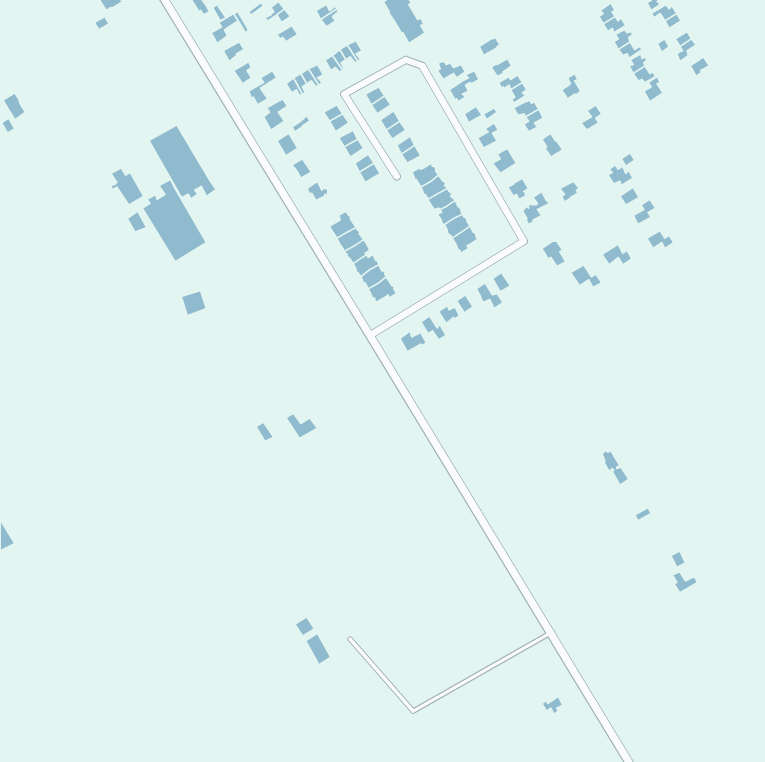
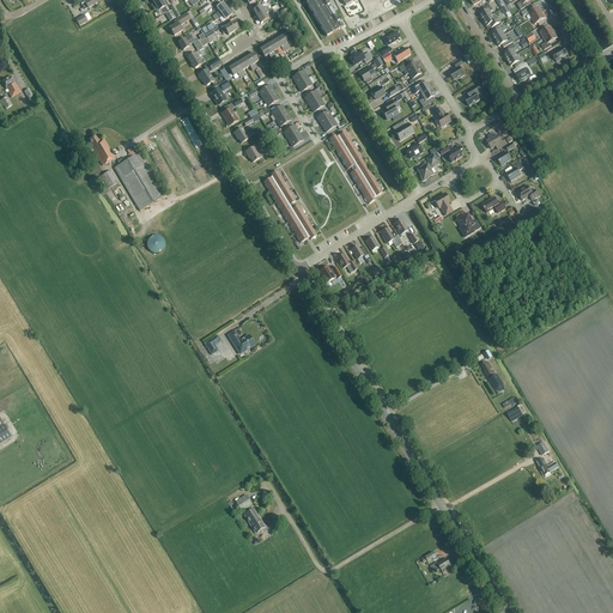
building: [149,125,216,199] -> none

